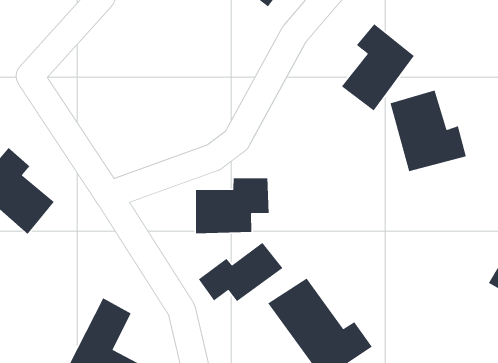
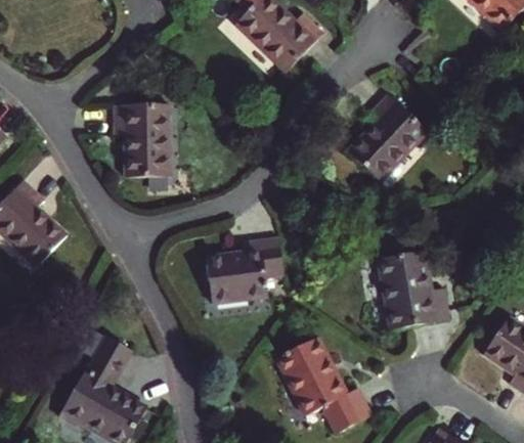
building: none -> [116,107,172,179]
building: [389,89,467,172] -> [367,257,440,337]
building: [198,242,284,302] -> none

